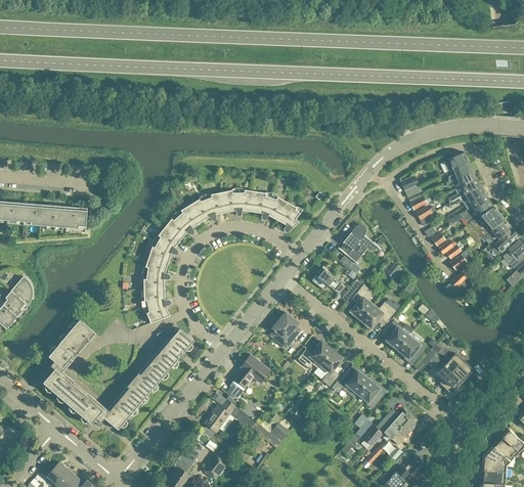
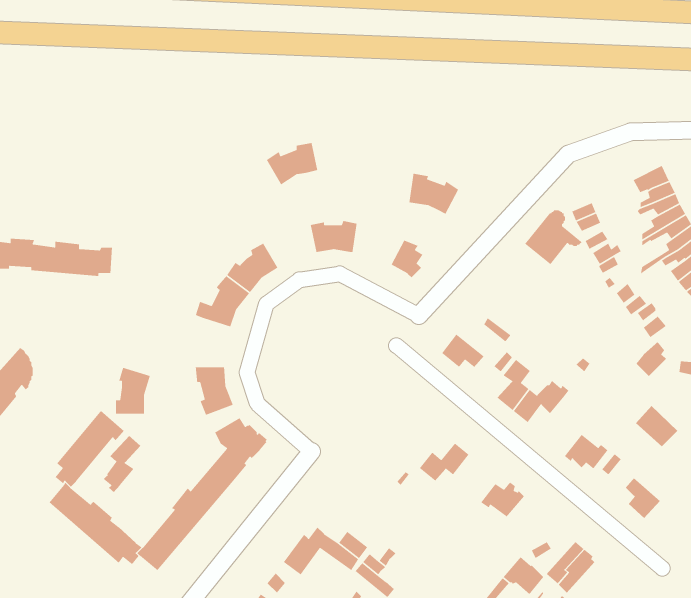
building: [252,191,287,220] -> [408,173,459,215]
building: [190,192,226,222] -> [266,142,318,185]
building: [338,224,381,264] -> [524,210,587,268]
building: [143,257,168,290] -> [115,367,151,415]
building: [270,312,303,348] -> none
building: [384,320,413,351] -> none
building: none -> [103,435,141,493]
building: [320,350,342,387] -> none
building: [444,353,474,382] -> [635,405,678,447]
building: [223,354,270,404] -> none
building: [357,379,383,409] -> none

